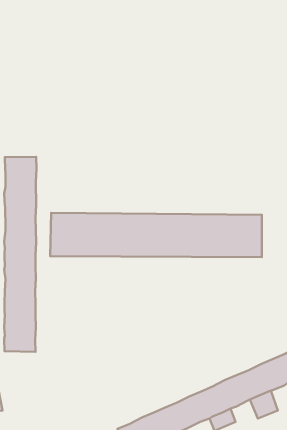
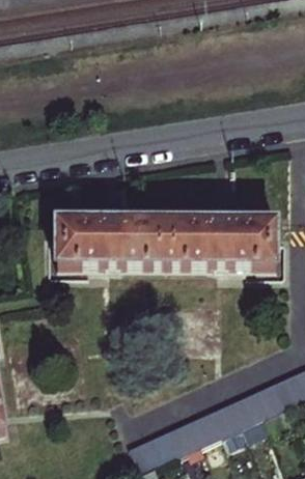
building: [4,157,37,352] -> none

